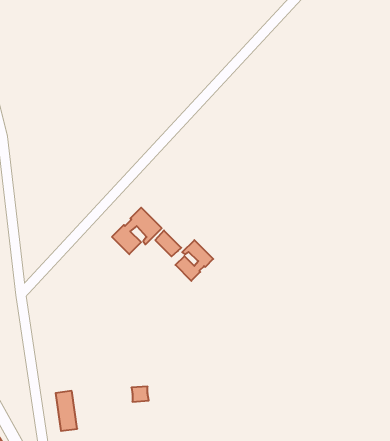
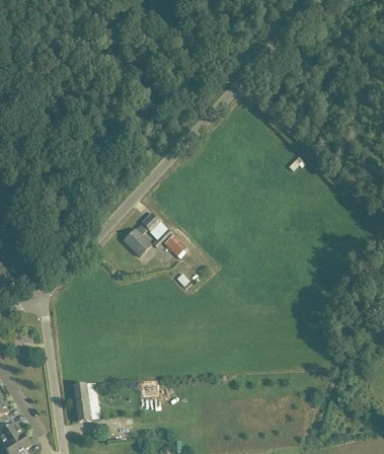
building: [175,240,213,281] -> none

